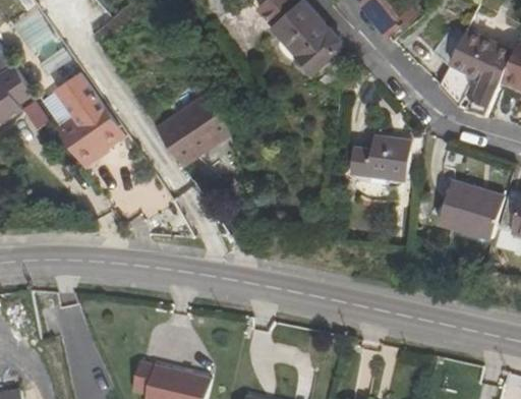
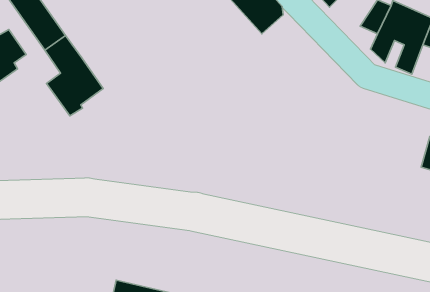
building: [156,93,233,166] -> none
building: [352,135,411,180] -> none
building: [441,179,506,238] -> none

